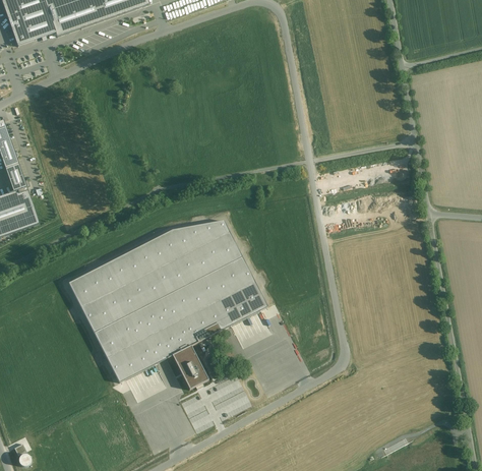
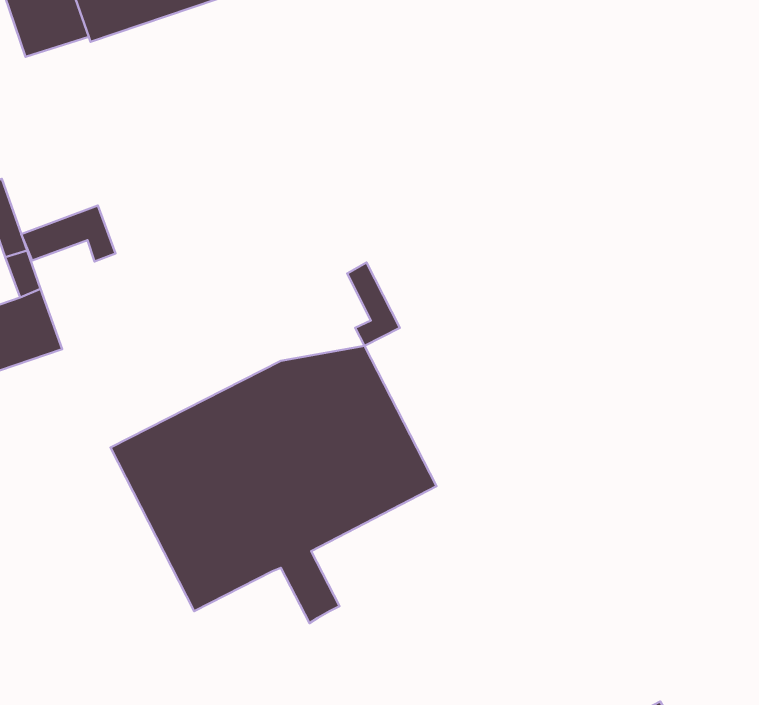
building: none -> [21,206,116,262]
building: none -> [347,263,400,346]

